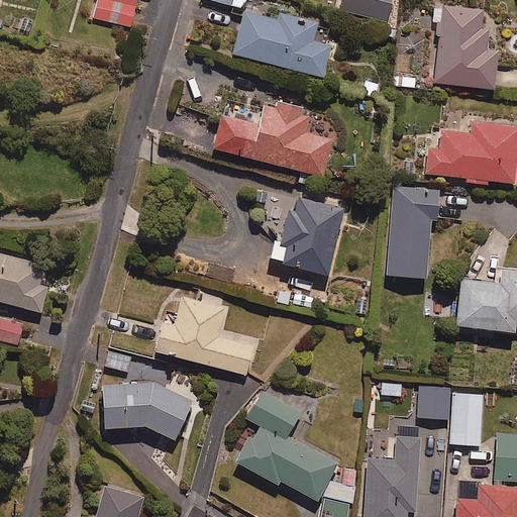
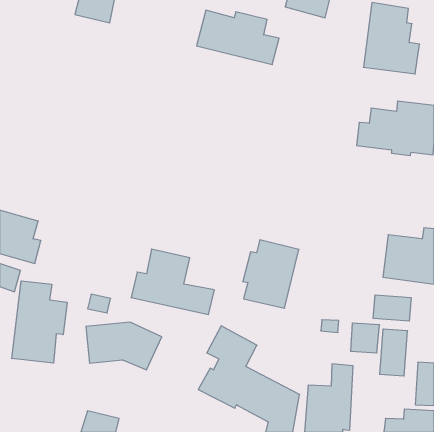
building: [210,100,331,178] -> none
building: [386,186,439,279] -> none
building: [280,197,346,278] -> [243,240,299,308]
building: none -> [12,281,67,363]
building: none -> [373,295,411,321]

